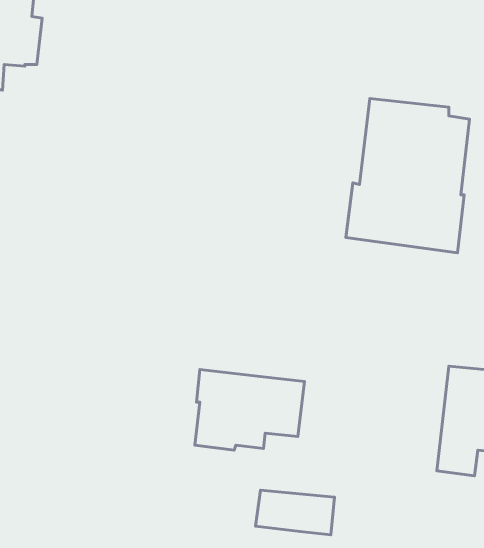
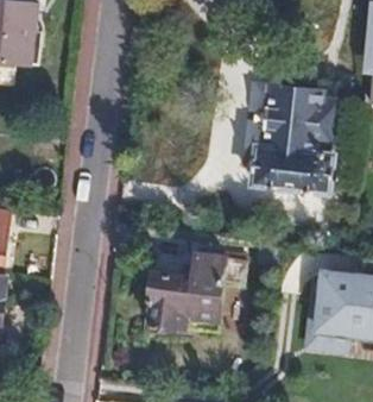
building: [255,490,334,535] -> [192,256,247,287]

